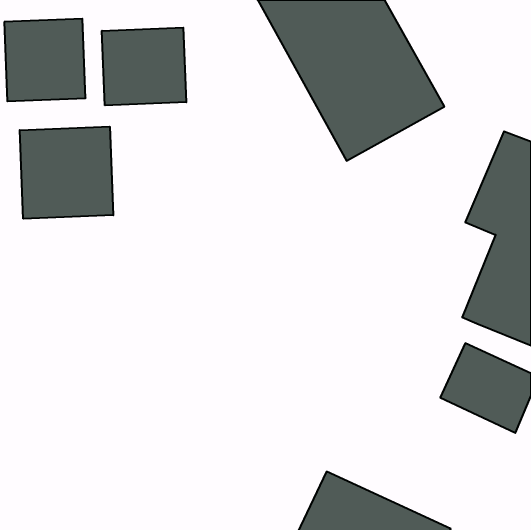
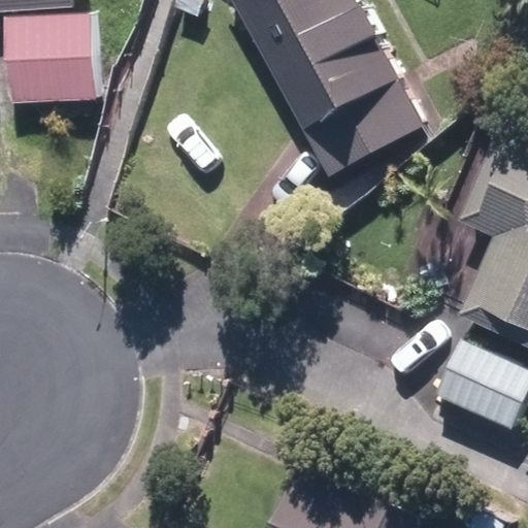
building: [102,28,186,105] -> none
building: [20,127,113,219] -> none

